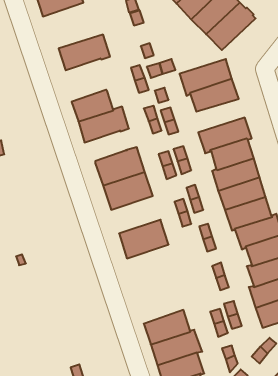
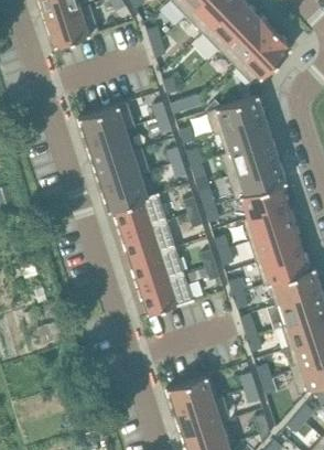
building: [59,35,110,70] -> [78,101,136,141]
building: none -> [219,138,279,175]
building: none -> [100,173,148,211]
building: none -> [130,246,185,288]

